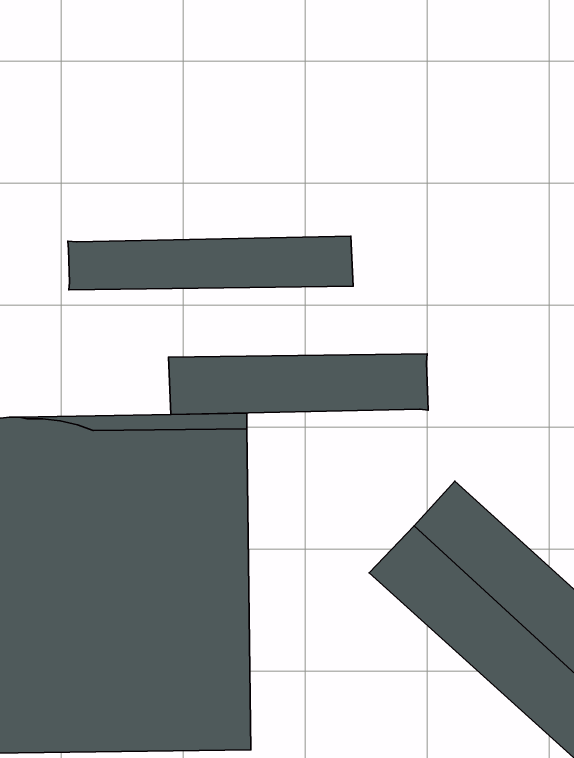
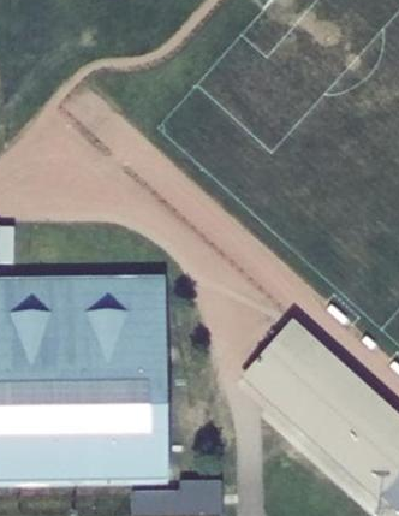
building: [68,236,353,290] -> none
building: [169,354,428,414] -> none

